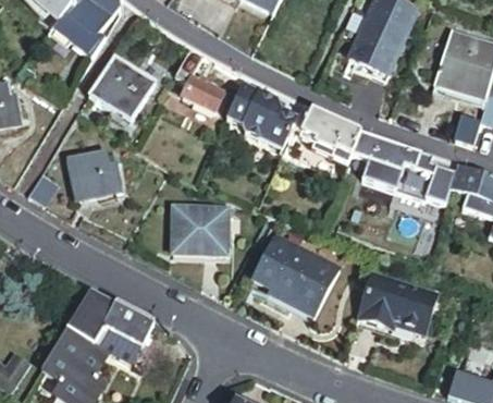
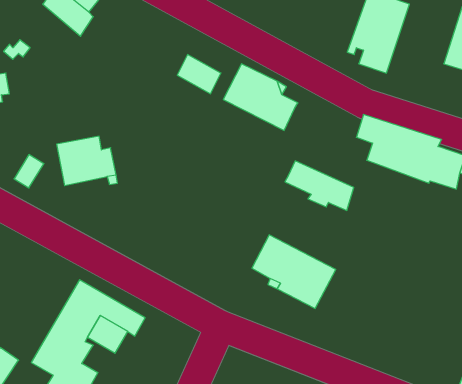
building: [89,54,157,121] -> none
building: [293,107,358,154] -> [285,161,354,210]
building: [171,205,226,254] -> none
building: [357,278,432,333] -> none

